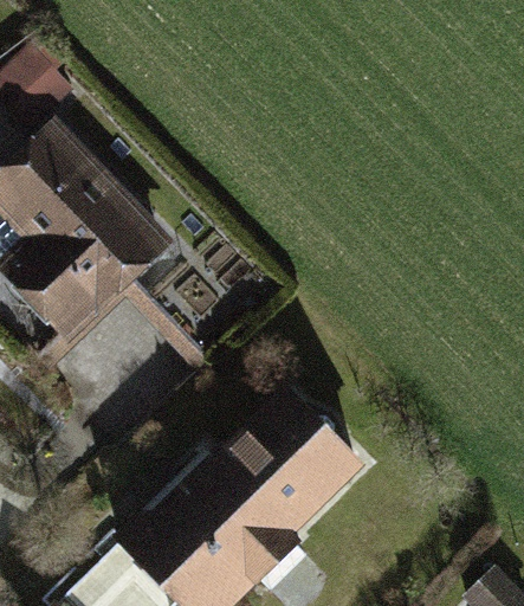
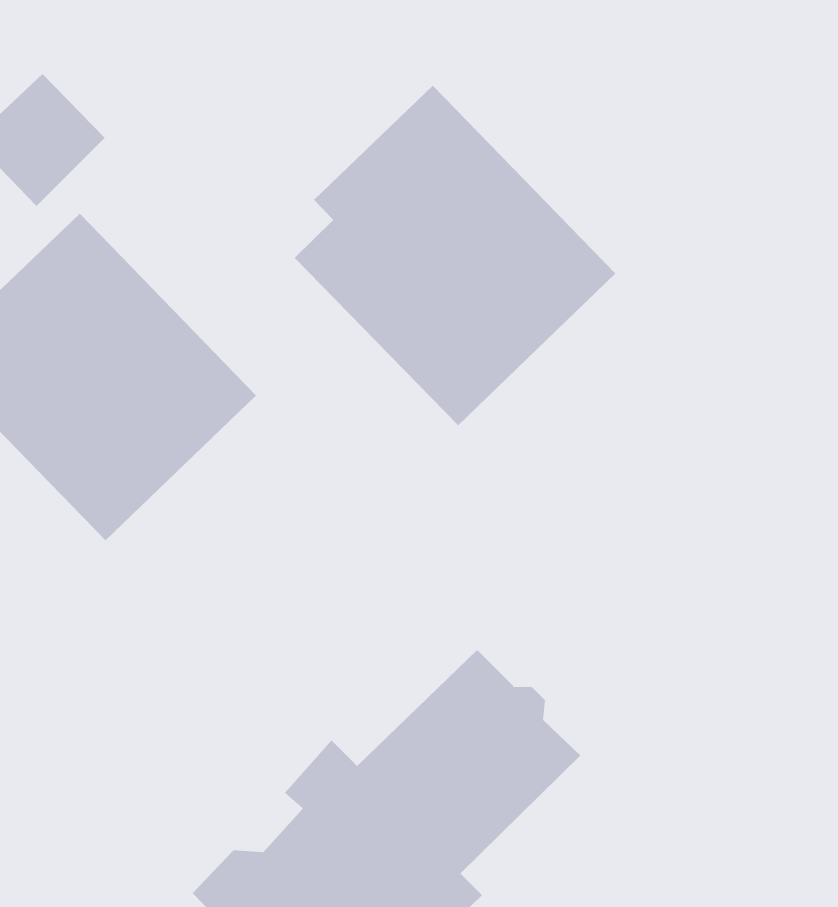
building: none -> [294,85,616,426]

